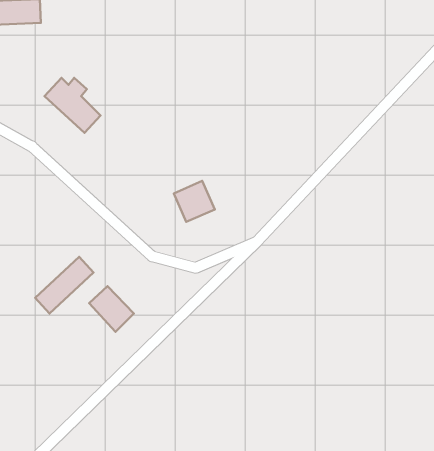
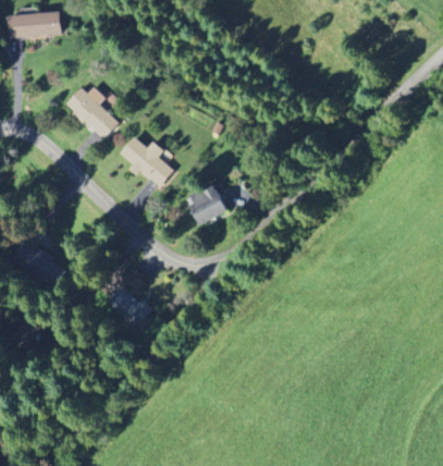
building: none -> [119,136,173,186]
building: [35,257,94,314] -> none

